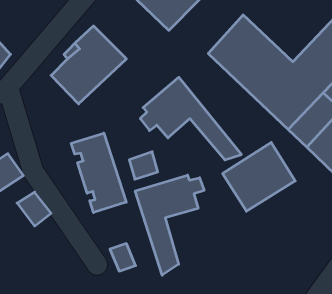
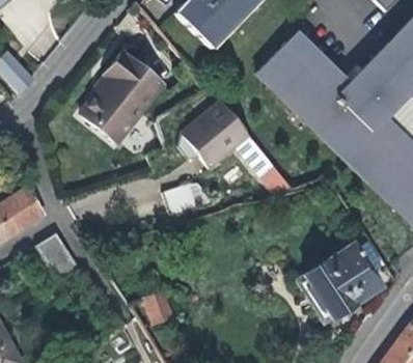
building: [71,133,126,213] -> none
building: [223,142,295,211] -> [299,244,381,322]
building: [135,175,204,275] -> none

